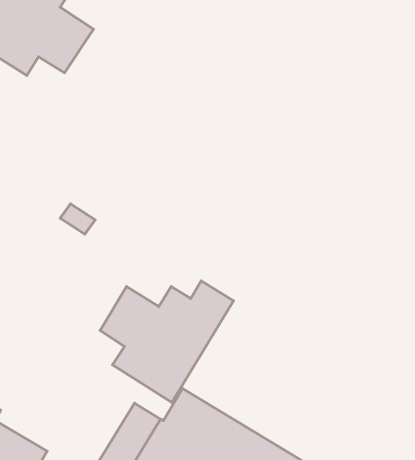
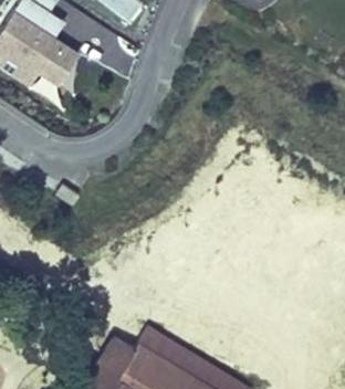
building: [100,281,234,403] -> none

